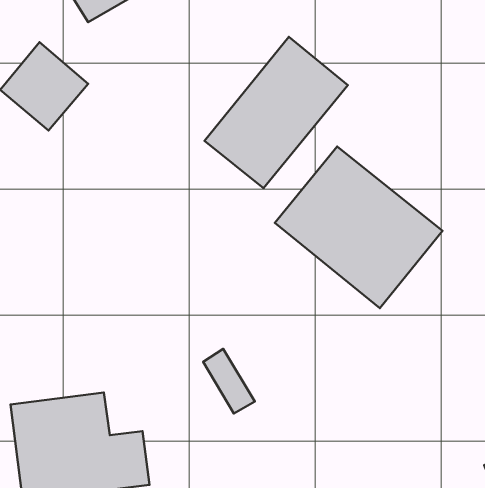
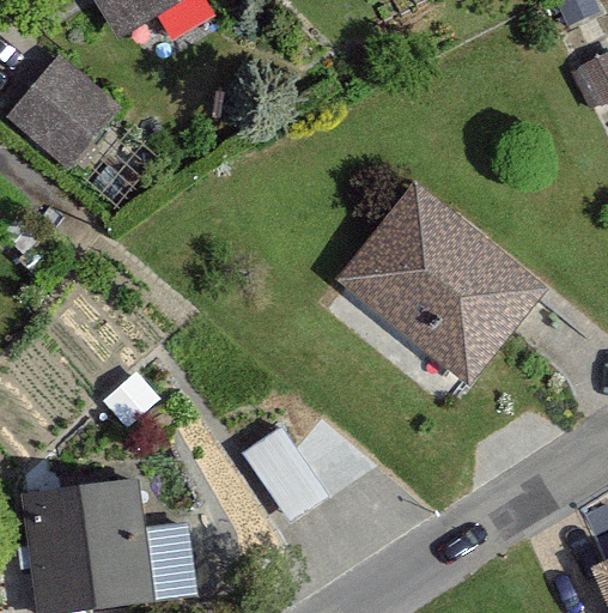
building: [205,37,348,188] -> none

